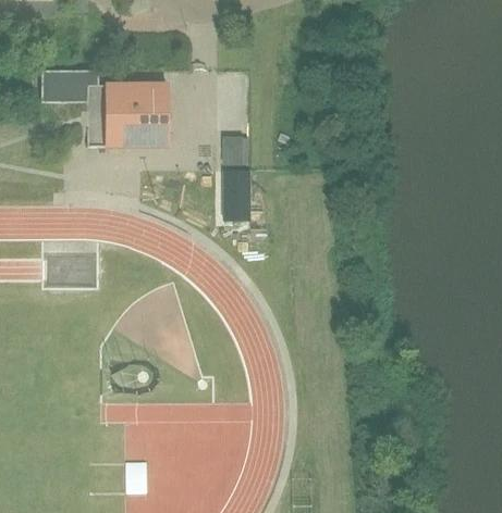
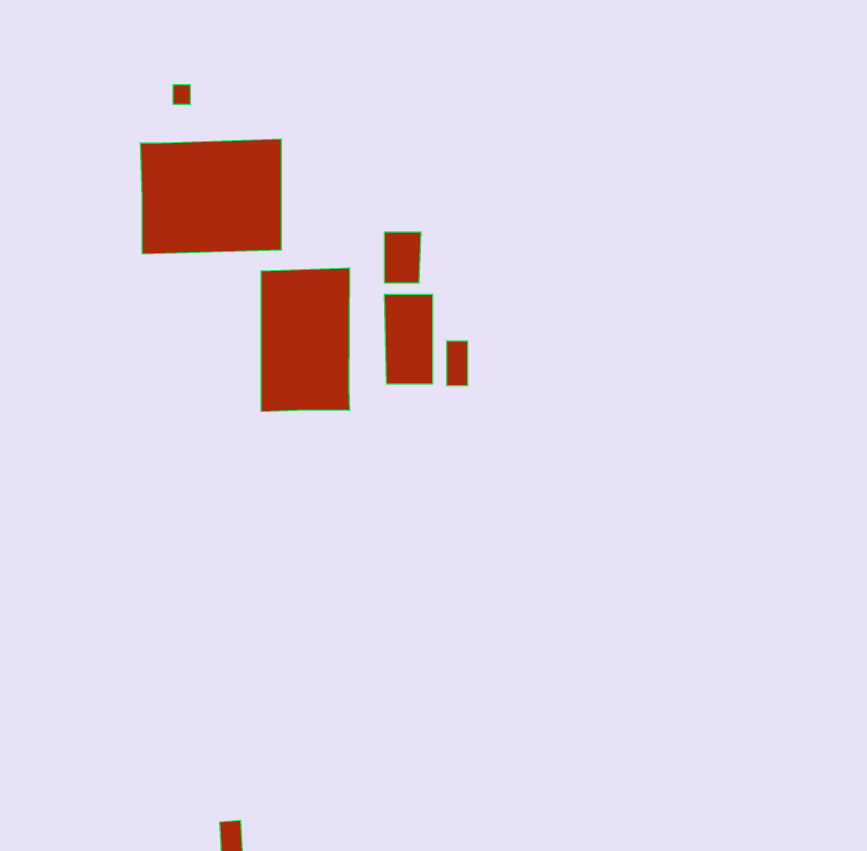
building: [41,70,99,101] -> none
building: none -> [261,268,349,412]

